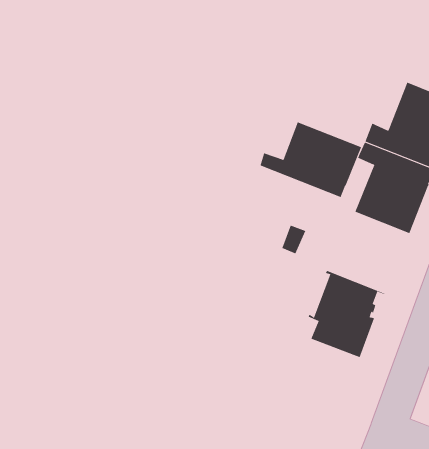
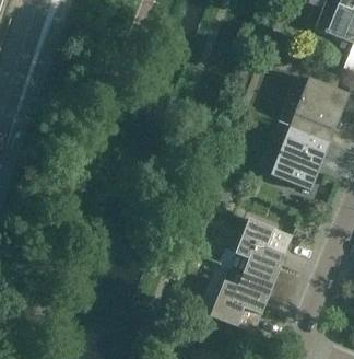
building: [260,122,362,198] -> none
building: none -> [210,267,274,333]

